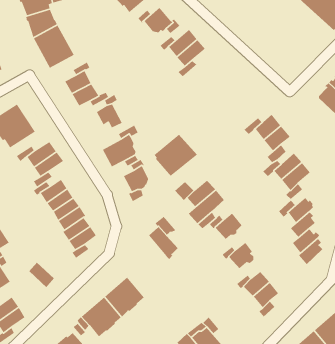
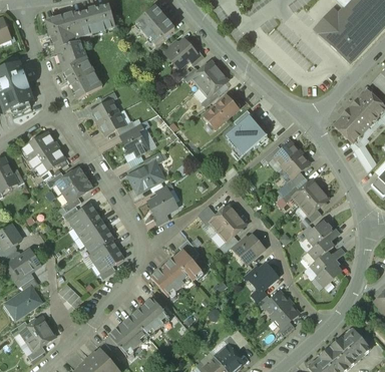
building: none -> [204,95,239,129]
building: [154,134,198,177] -> [226,115,268,156]
building: none -> [151,258,189,297]

